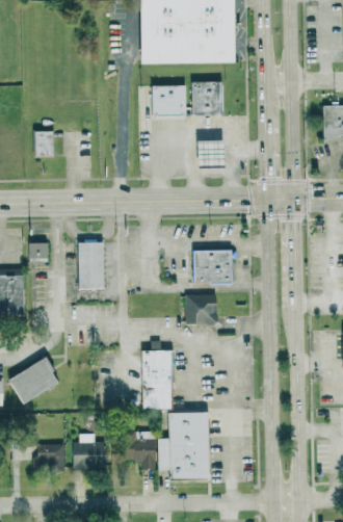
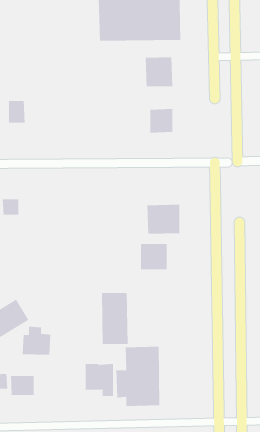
building: [151,83,186,115] -> none
building: [78,239,105,289] -> none
building: [73,433,106,466] -> [22,326,51,355]

